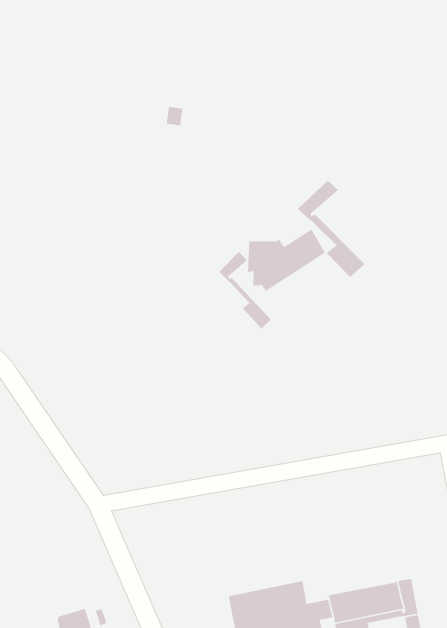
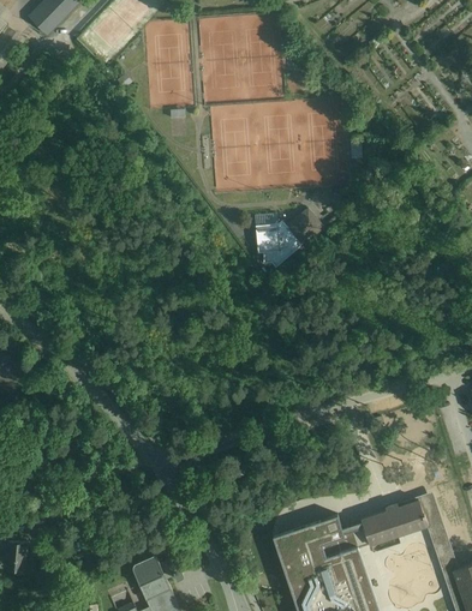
building: [297,180,365,278] -> none
building: [218,251,272,330] -> none

